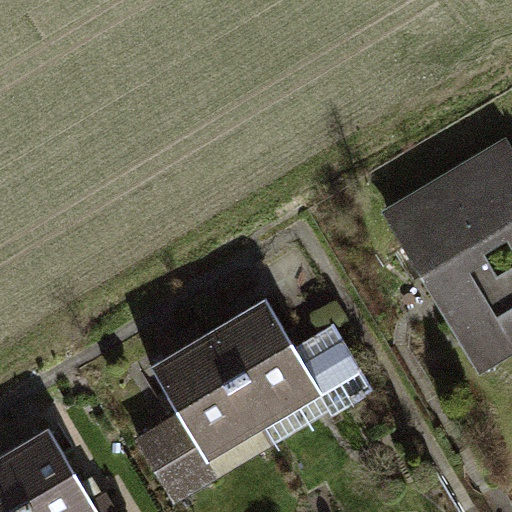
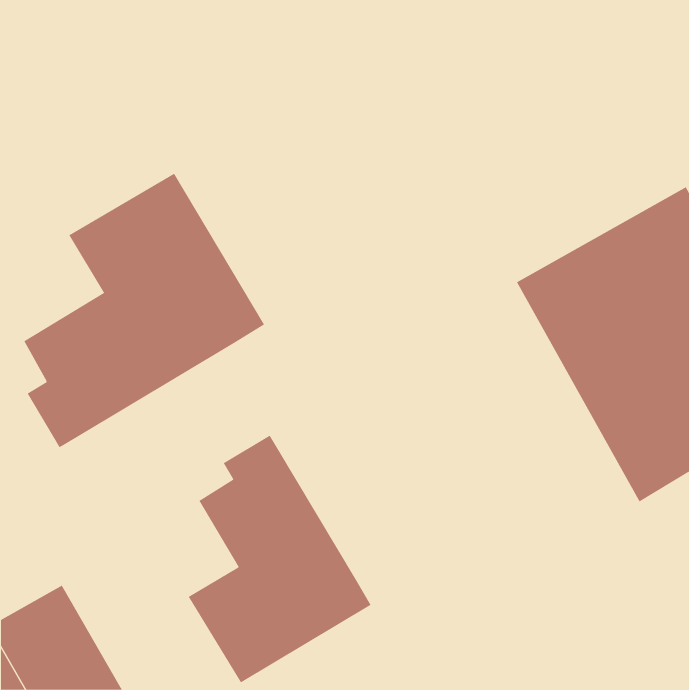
building: none -> [24,173,265,448]
building: [207,300,360,429] -> none

